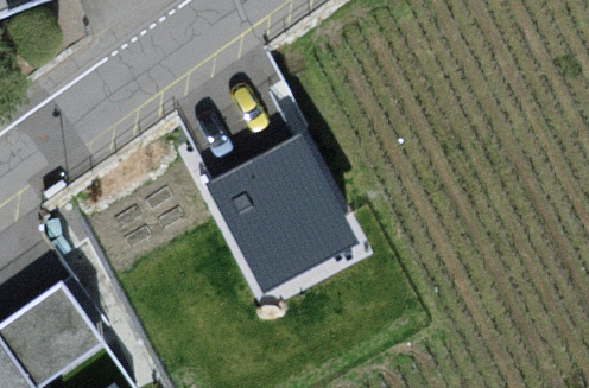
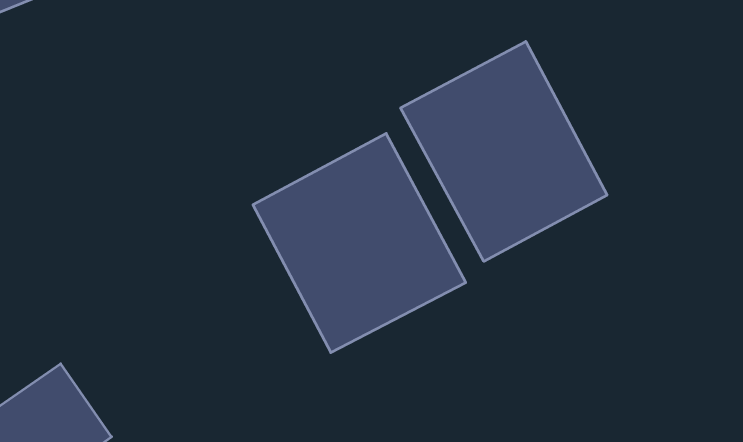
building: none -> [401,41,607,261]

